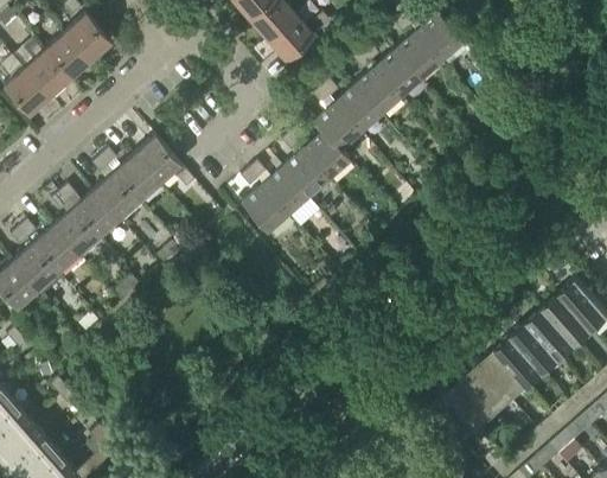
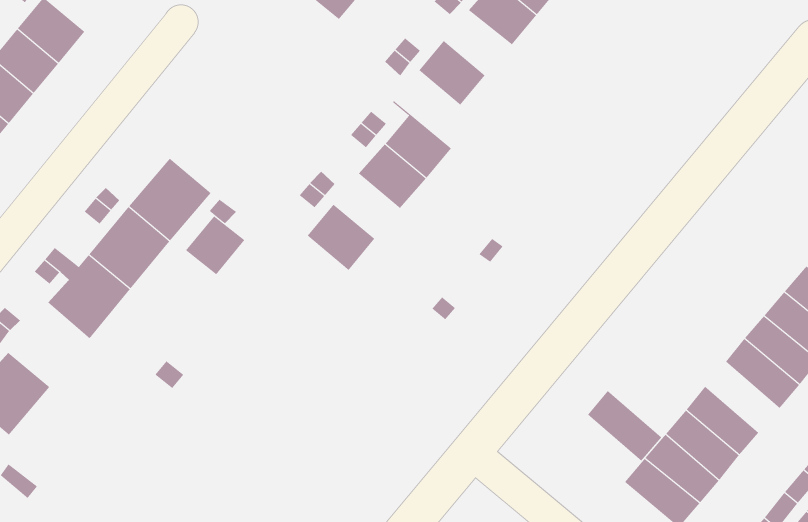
building: [353,69,400,115] -> none
building: [313,104,358,161] -> none
building: [261,168,306,215] -> none
building: none -> [185,216,245,275]
building: [24,223,81,281] -> none
building: [494,336,543,388] -> [587,390,662,462]

